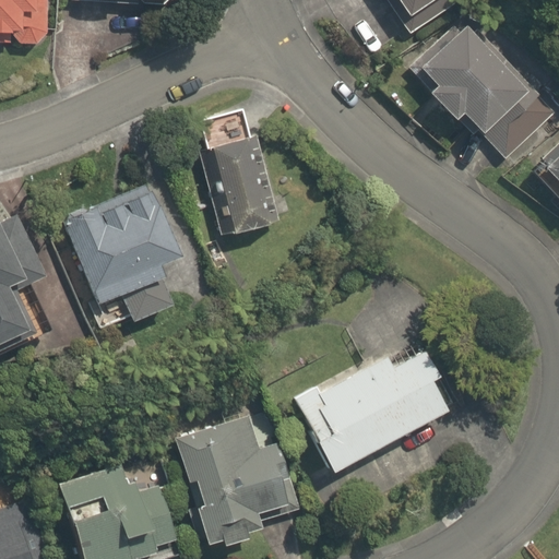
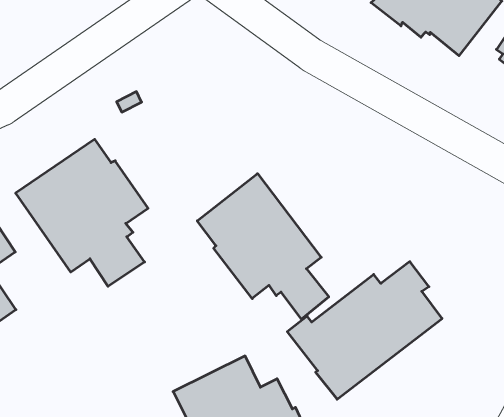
building: [200,110,280,235] -> none
building: none -> [197,174,329,319]

